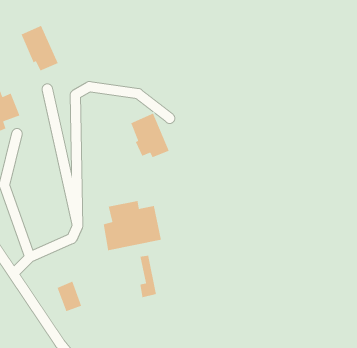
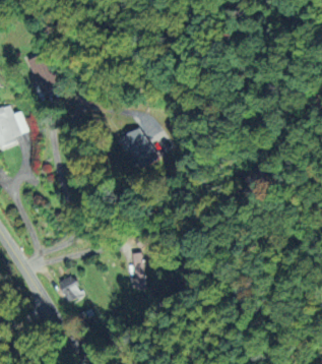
building: [103,200,162,251] -> none

